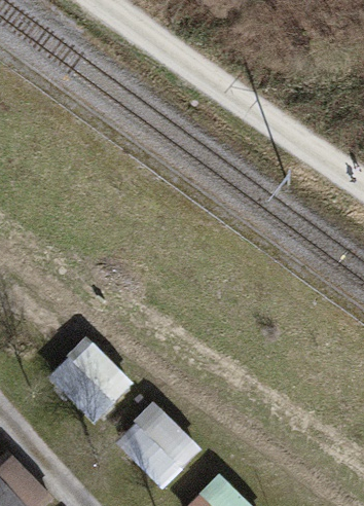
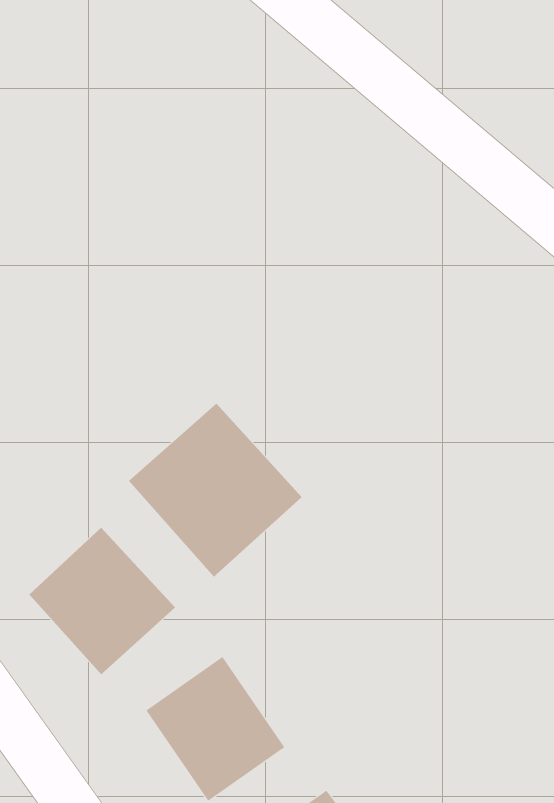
building: none -> [128,403,302,577]

